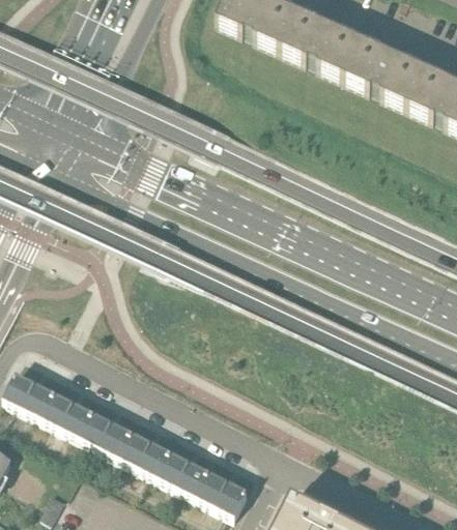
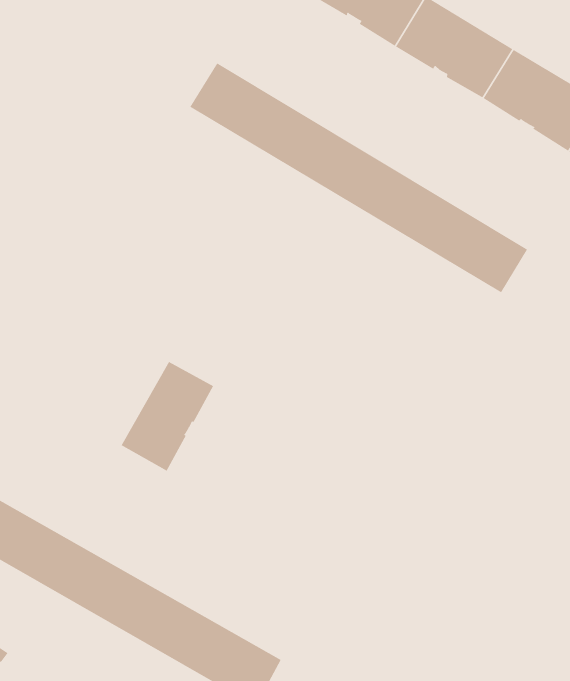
building: none -> [189,62,528,293]
building: none -> [121,361,214,471]

